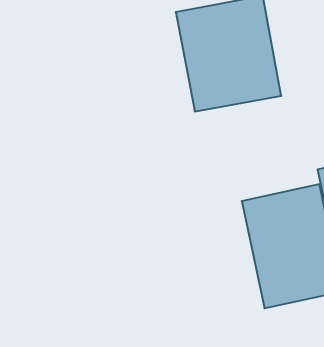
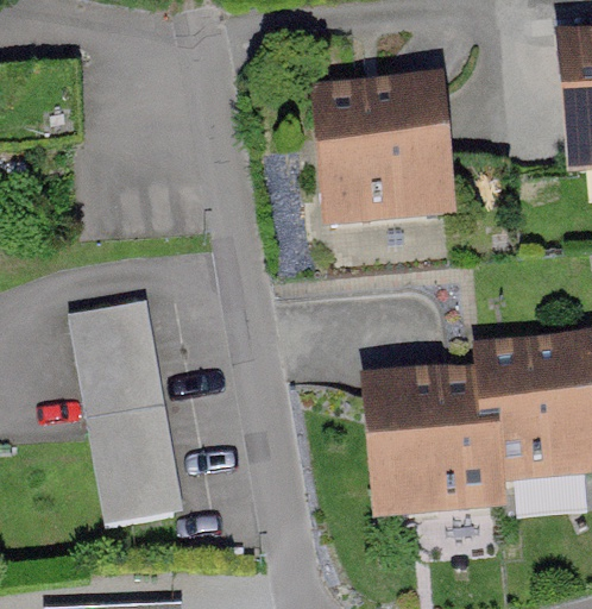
building: none -> [61,294,183,514]

